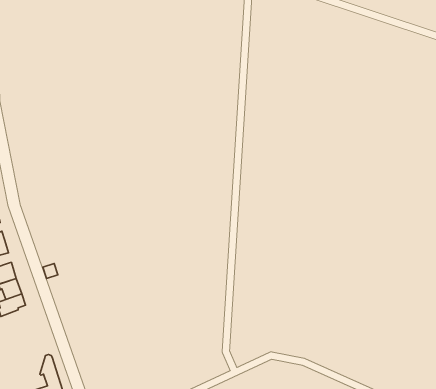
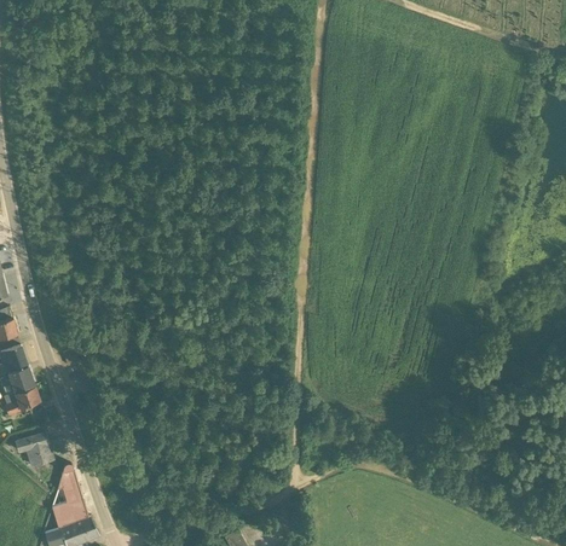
building: none -> [15,432,54,467]

